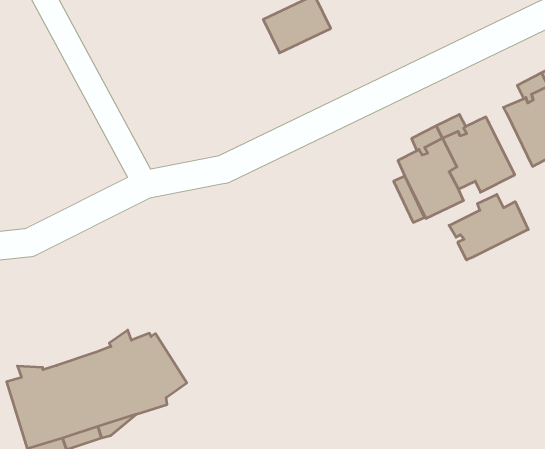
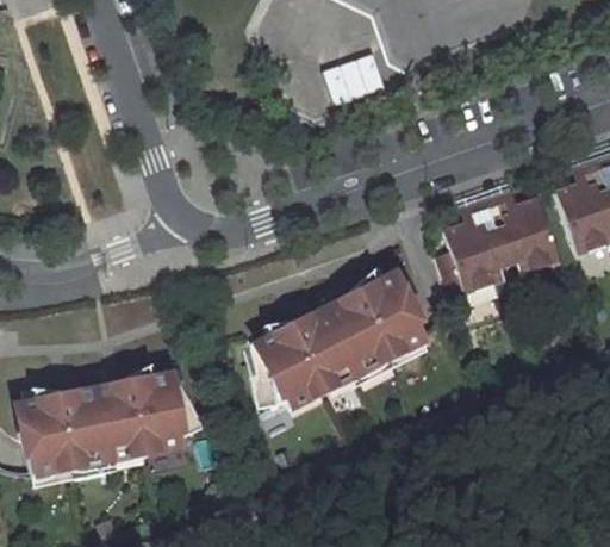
building: [449,194,528,260] -> none
building: none -> [254,272,442,414]

